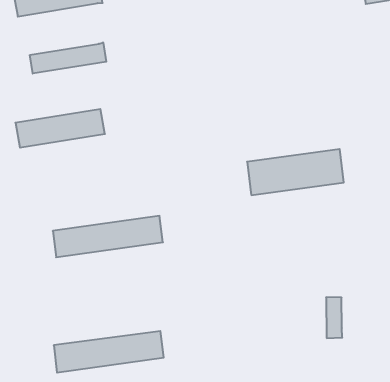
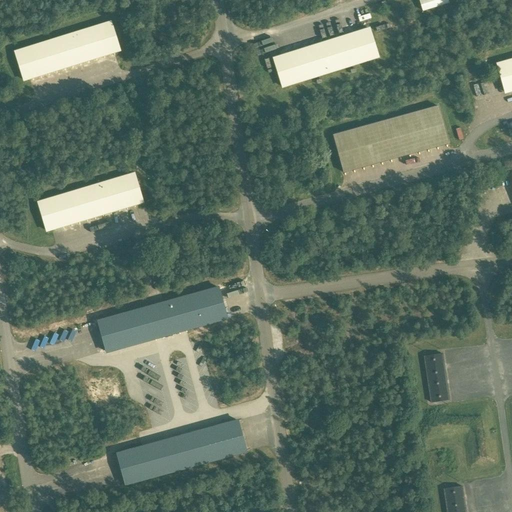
building: none -> [274,28,378,86]
building: [30,42,106,74] -> none
building: [247,149,344,195] -> [333,105,448,172]

